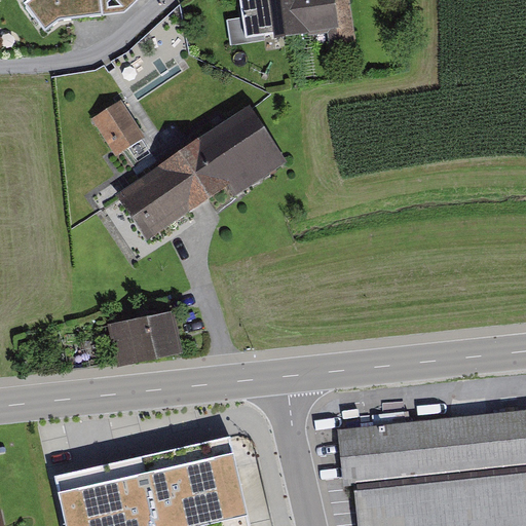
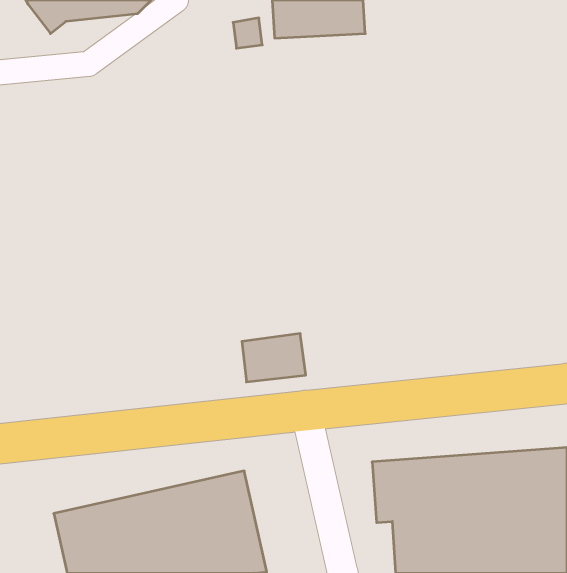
building: [95,101,145,153] -> none
building: [120,111,277,241] -> none
building: [116,317,175,362] -> [242,334,306,382]

